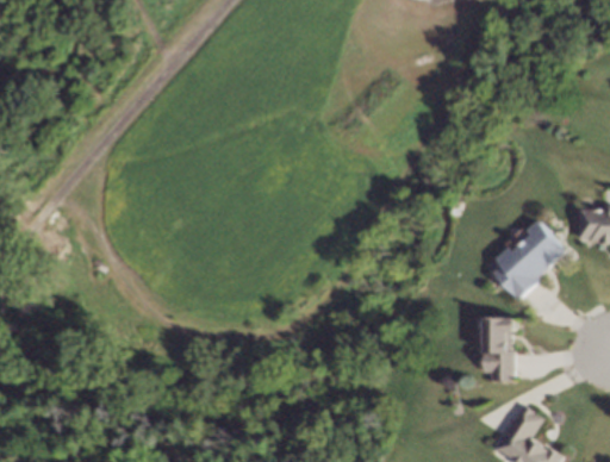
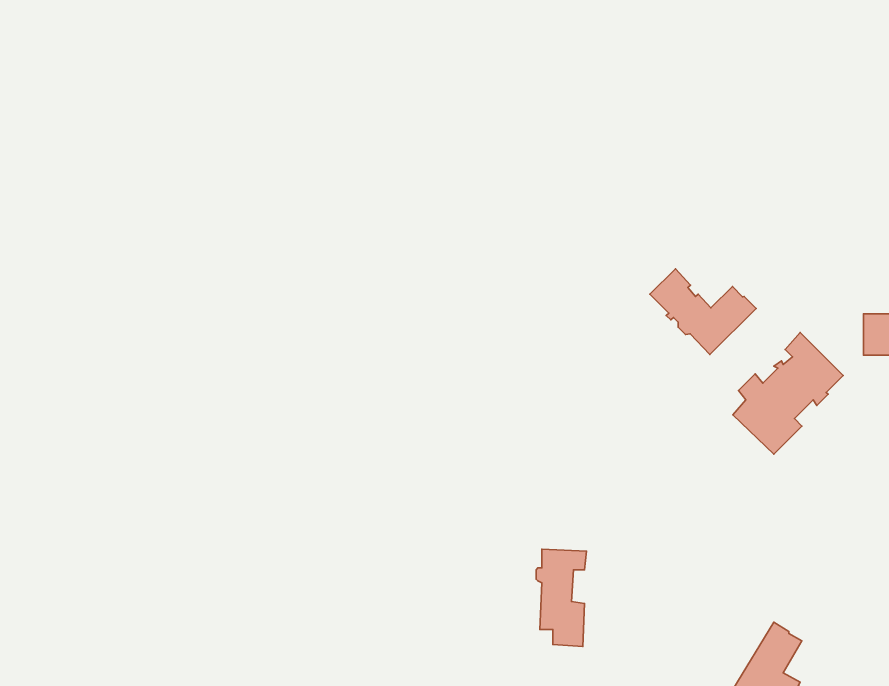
building: none -> [650,269,756,355]
building: [481,317,513,379] -> [536,549,586,646]

